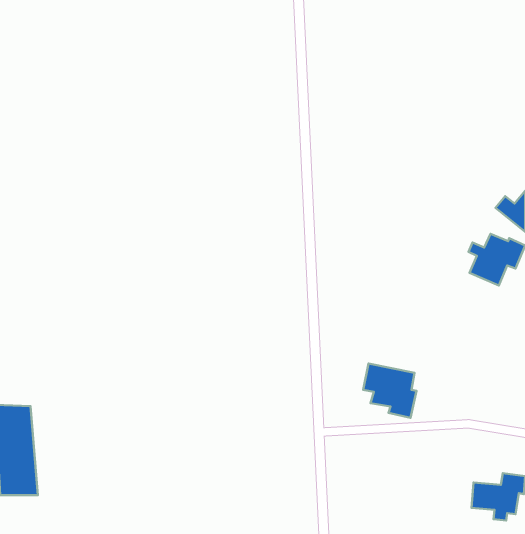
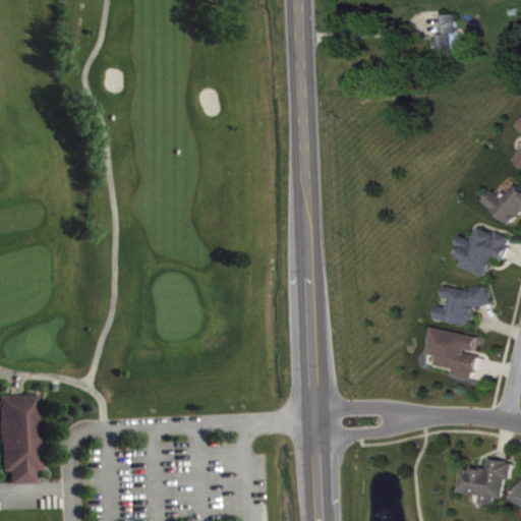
building: none -> [433,14,464,55]
building: none -> [432,285,488,326]
building: [363,363,417,418] -> [425,328,477,381]

